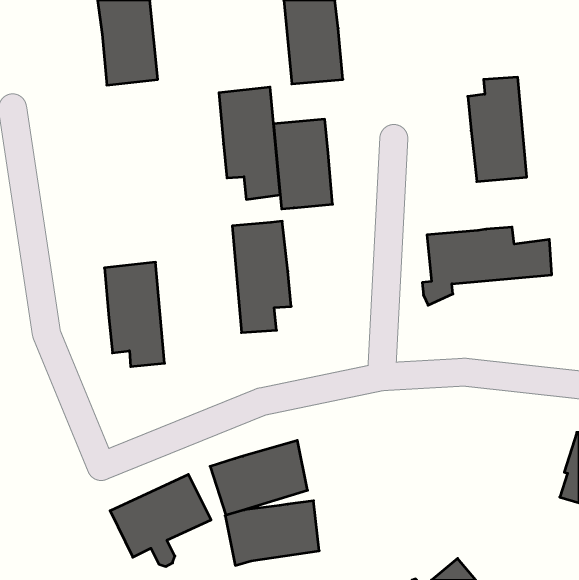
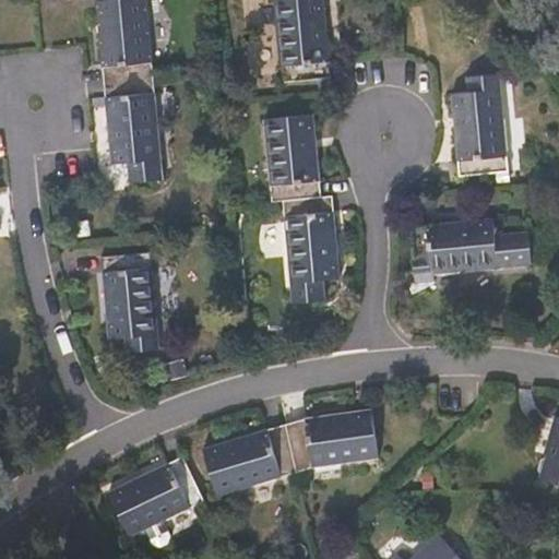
building: [219,87,280,199] -> [103,76,162,185]
building: [232,221,291,333] -> [283,195,340,302]
building: [225,501,319,565] -> [286,409,377,472]

